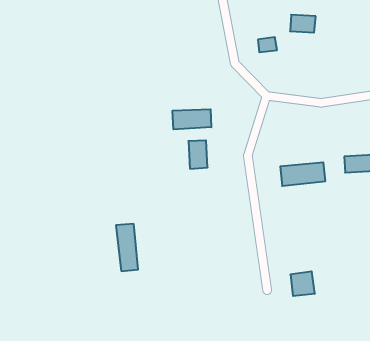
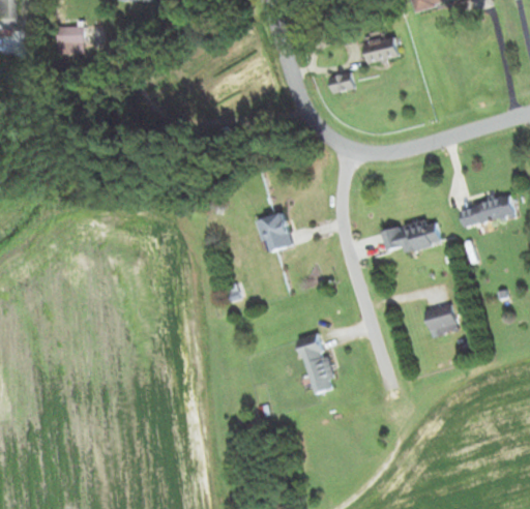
building: [173,109,211,129] -> none
building: [116,224,138,271] -> [297,333,333,394]
building: [290,271,315,296] -> [423,303,458,337]

